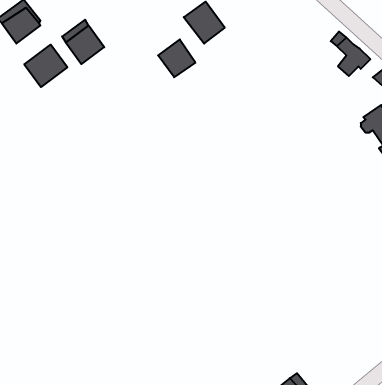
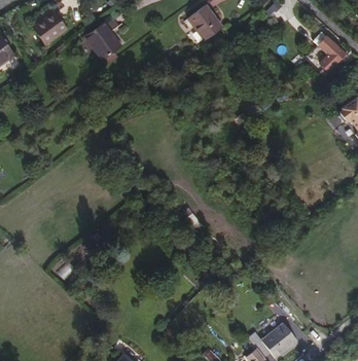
building: [158,39,195,77] -> none
building: [24,45,67,87] -> none

